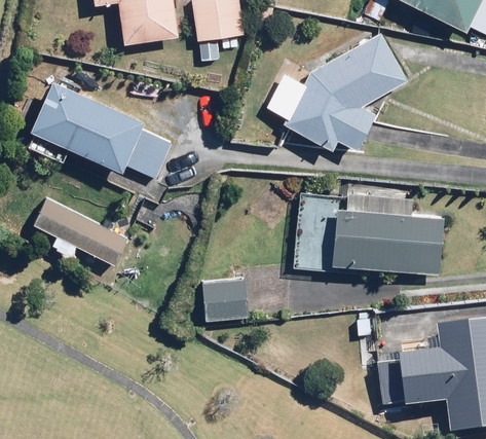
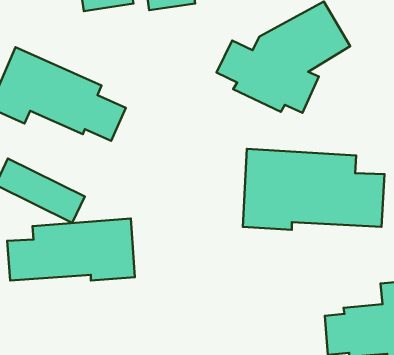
building: none -> [7,218,135,281]
building: [199,278,250,321] -> none

